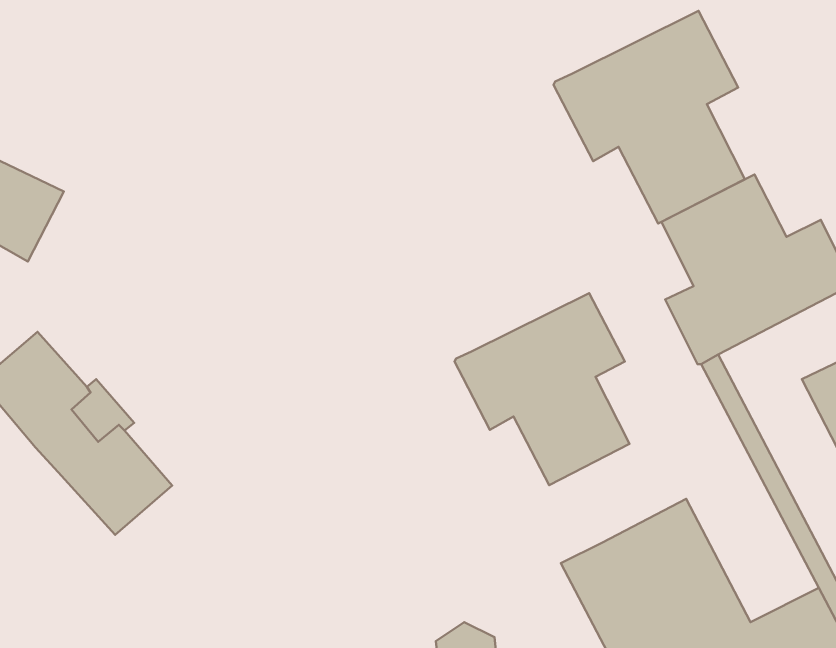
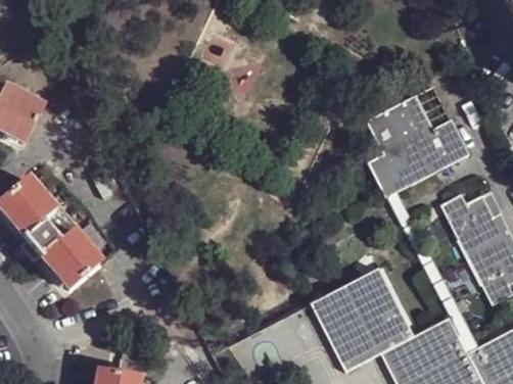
building: [553,11,745,223] -> none
building: [455,293,630,485] -> none

